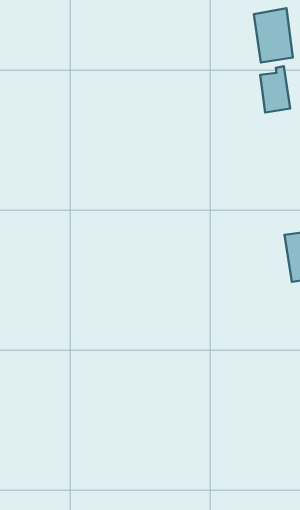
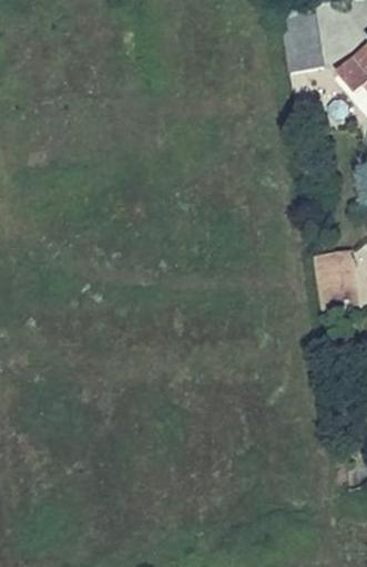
building: [260,66,290,112] -> none

